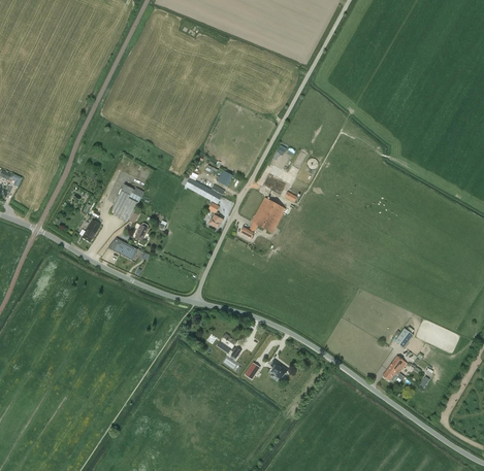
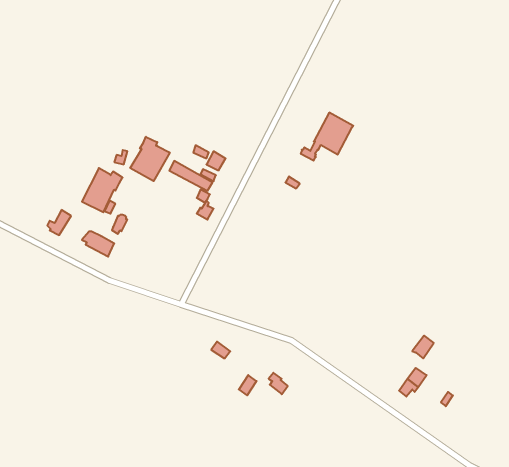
building: none -> [130,137,170,181]
building: [239,197,285,238] -> [301,113,353,161]

